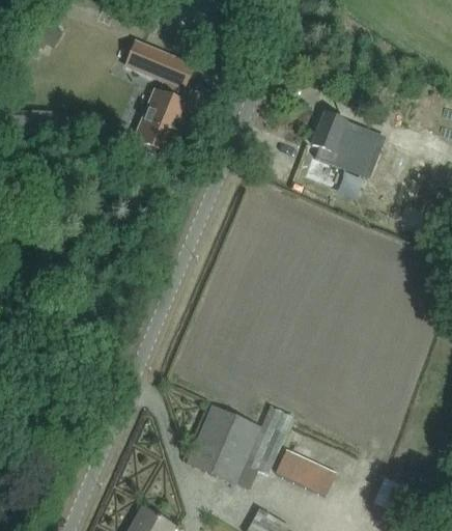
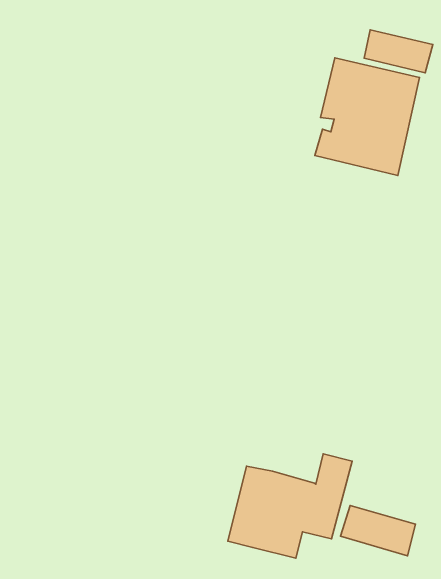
building: [123,38,193,153] -> none
building: none -> [364,30,433,73]

